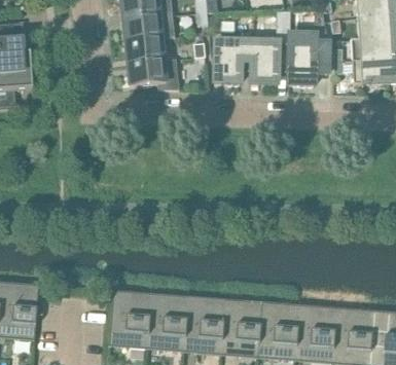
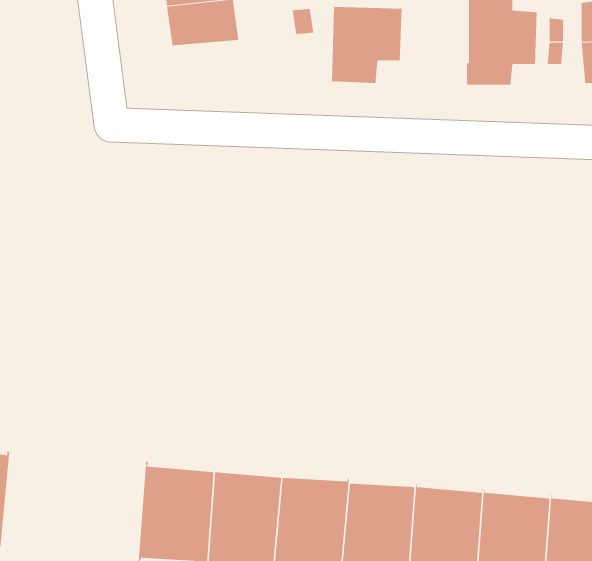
building: [252,42,290,84] -> none
building: [128,59,180,89] -> none

